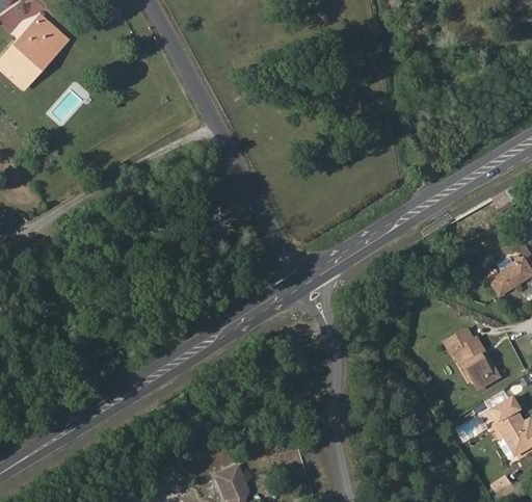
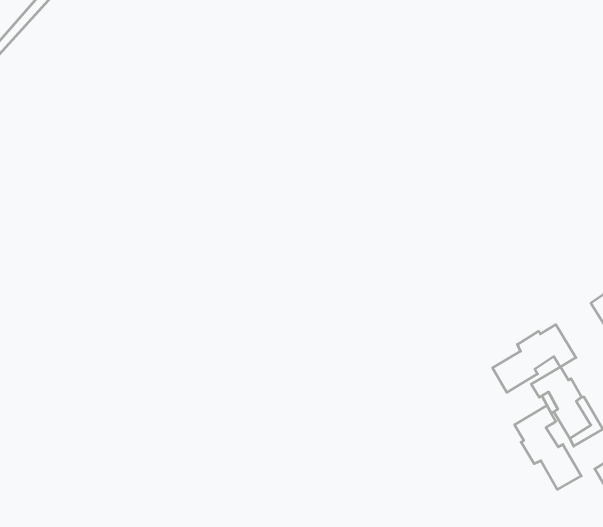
building: none -> [493,325,576,392]
building: none -> [515,406,581,489]

